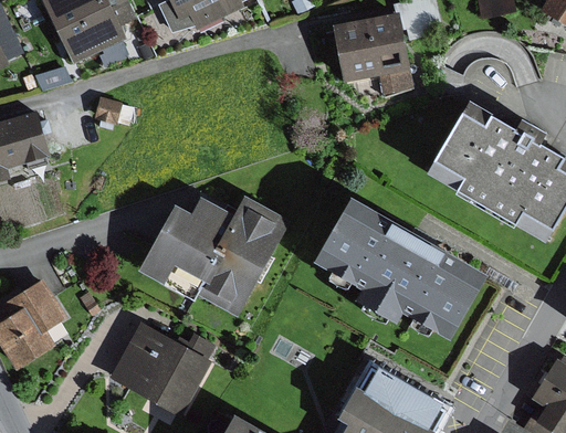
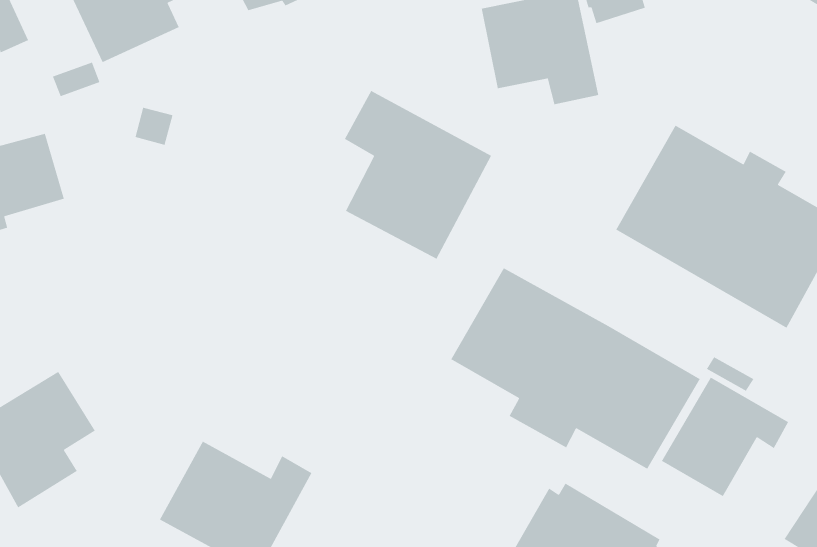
building: none -> [344,90,492,260]
building: [135,198,285,315] -> none
building: none -> [661,376,789,497]

